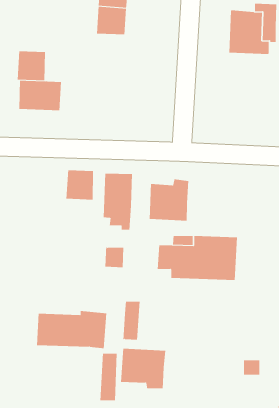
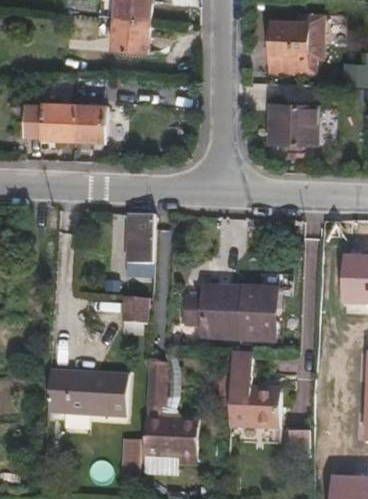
building: [17,51,46,81] -> [73,106,107,141]
building: none -> [270,101,314,144]
building: [66,170,94,200] -> none
building: [149,179,189,221] -> none
building: none -> [227,352,278,430]

